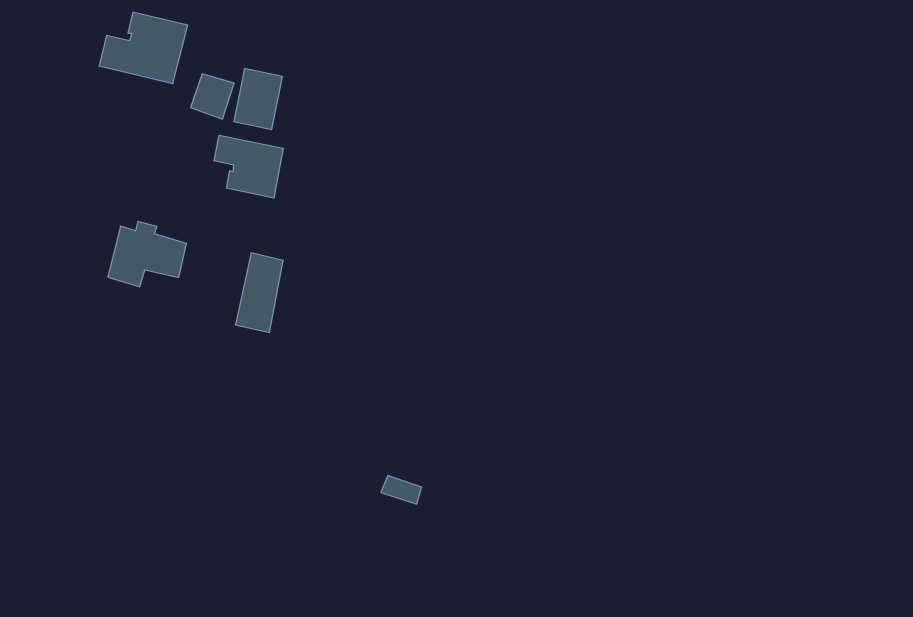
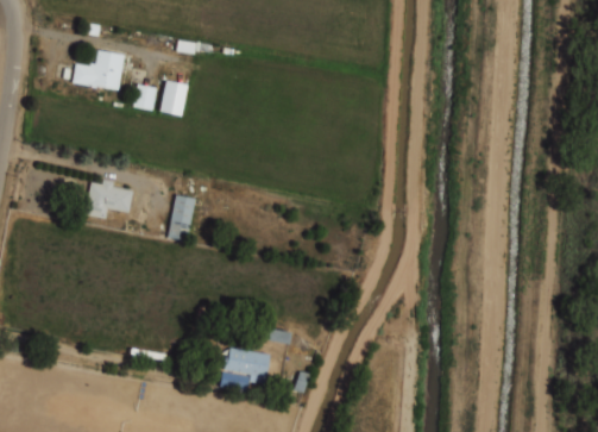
building: [214,135,283,198] -> none
building: none -> [220,346,271,392]

